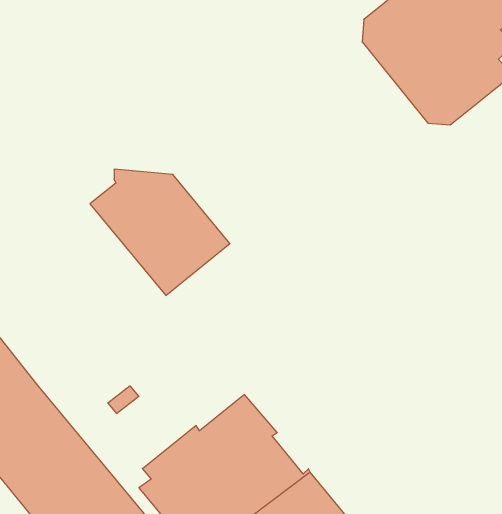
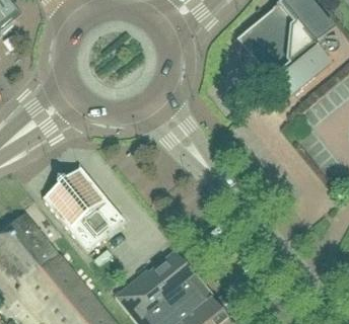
building: [90,169,230,295] -> [43,177,125,251]

